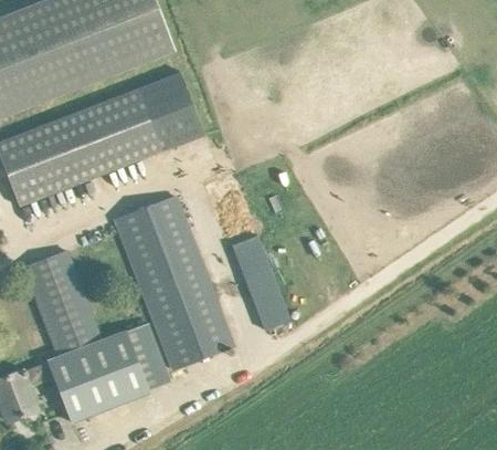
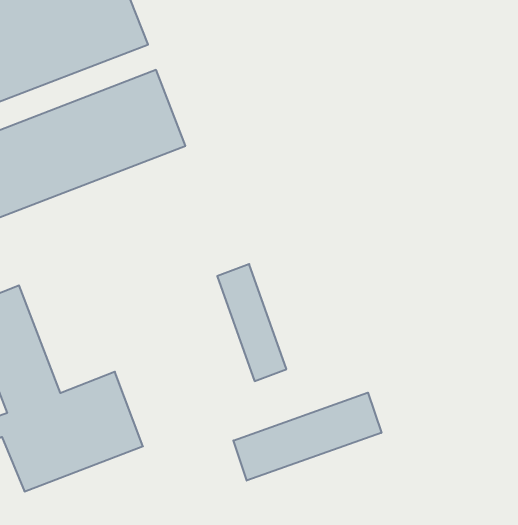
building: [112,195,236,374] -> none
building: none -> [233,393,381,481]

